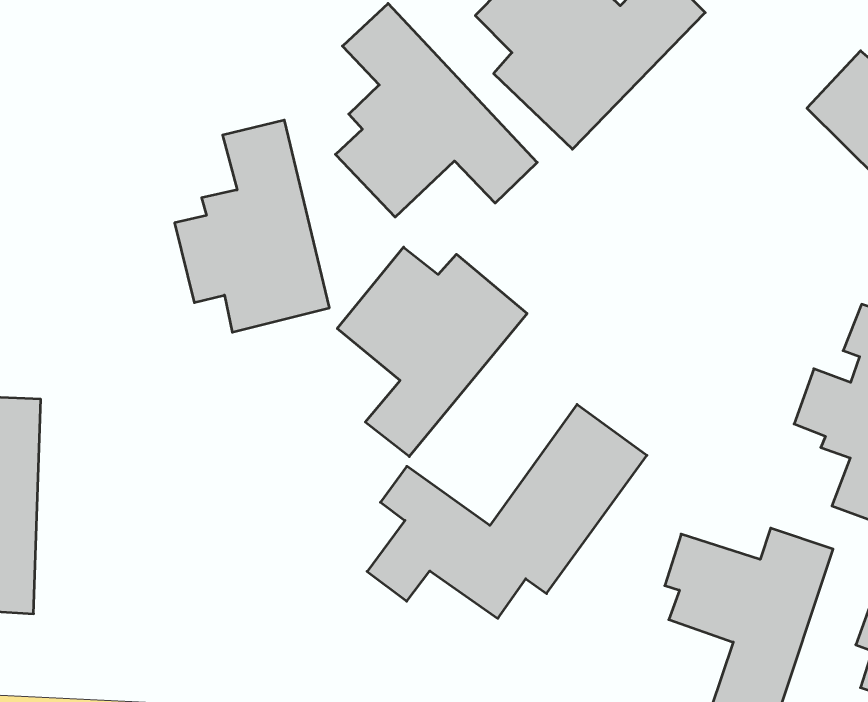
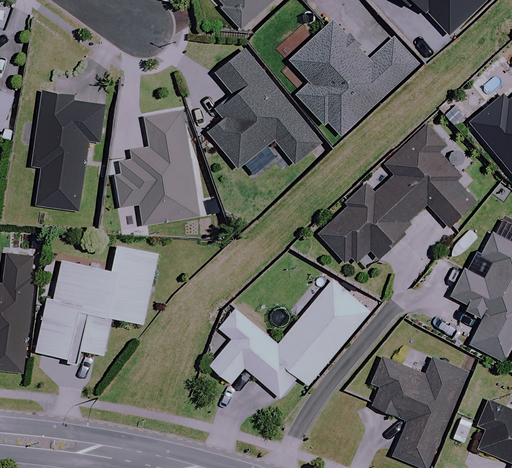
building: none -> [33,91,104,212]
building: none -> [315,122,475,269]
building: [337,247,527,457] -> none
building: none -> [36,244,158,359]

